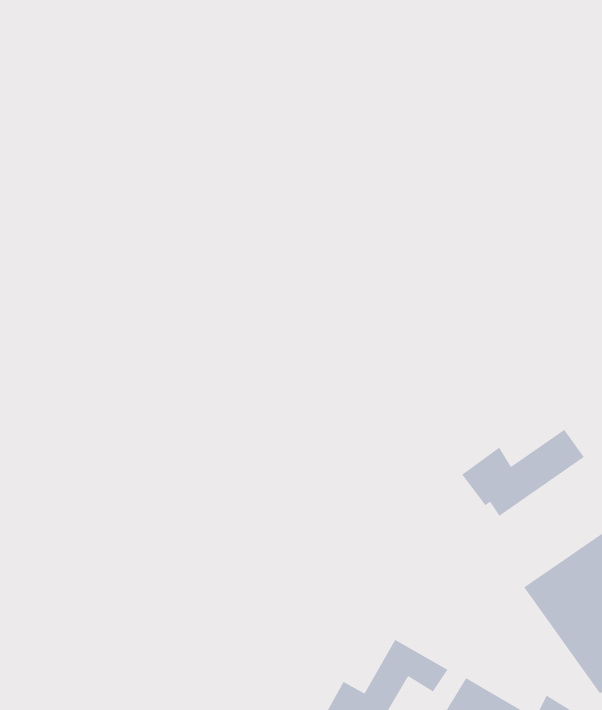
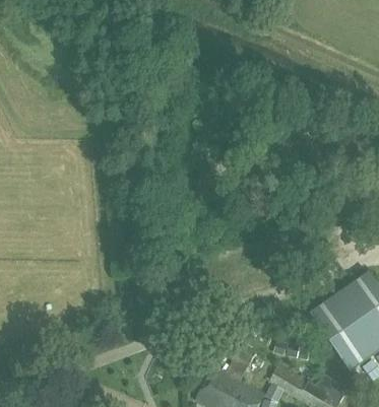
building: [461,429,585,517] -> none

